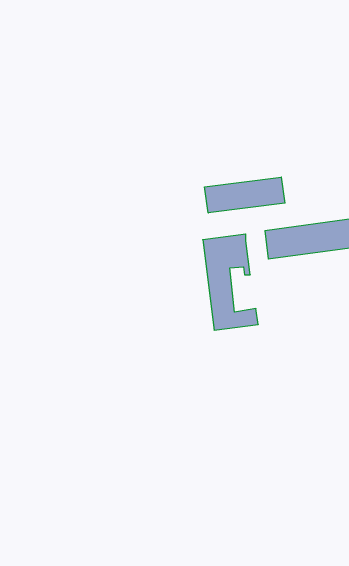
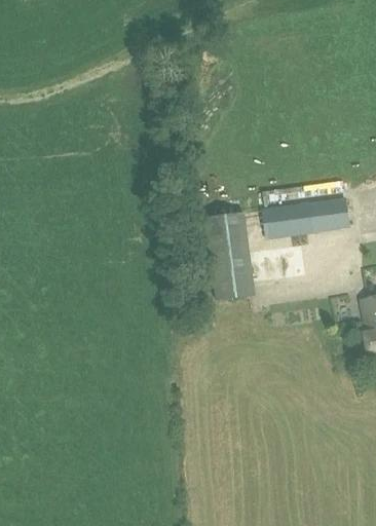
building: [205,177,285,213] -> none

